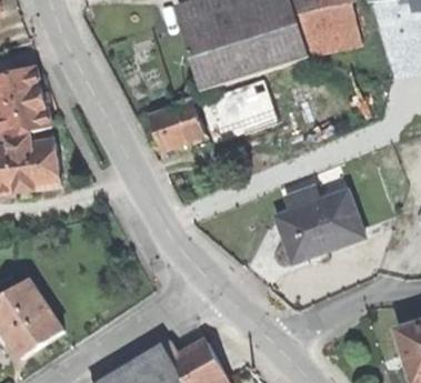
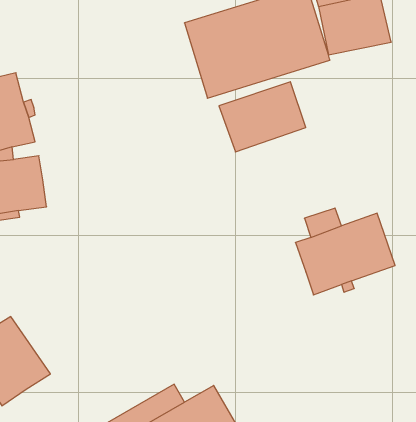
building: [150,101,203,149] -> none

